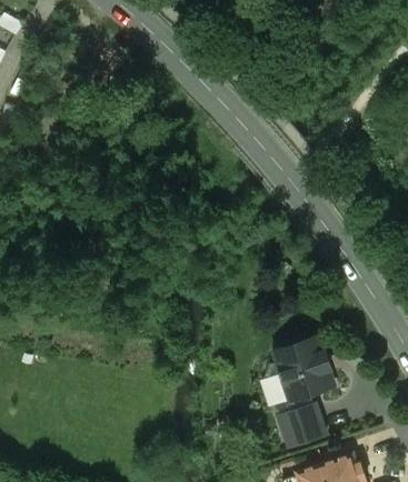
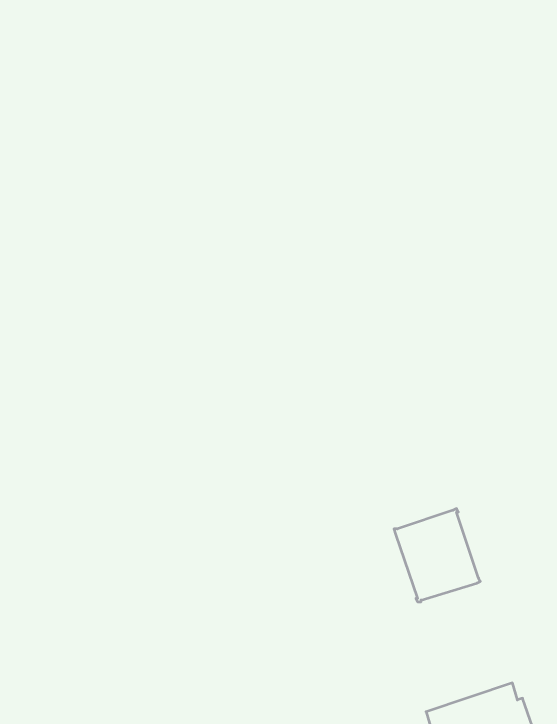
building: [279,405,324,446] -> none

